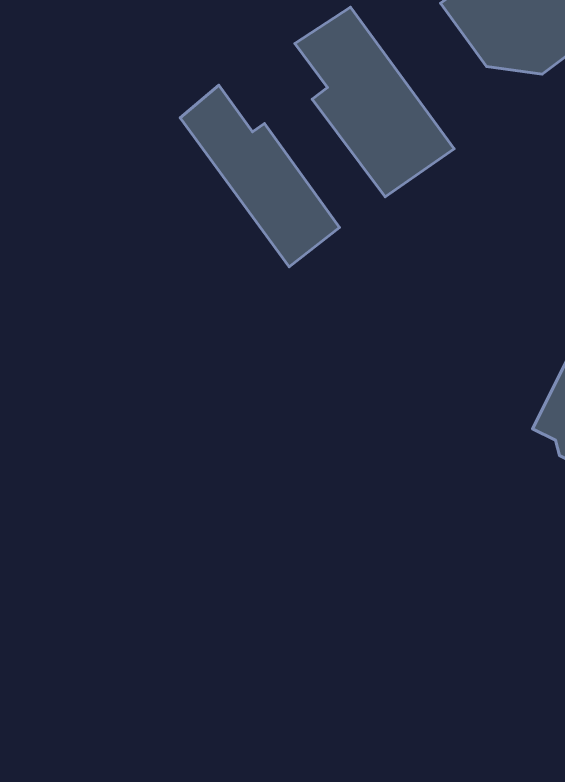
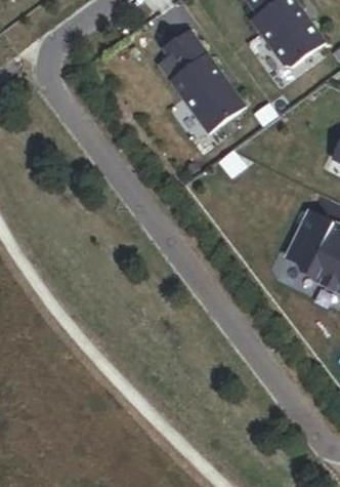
building: [180,85,339,267] -> none

